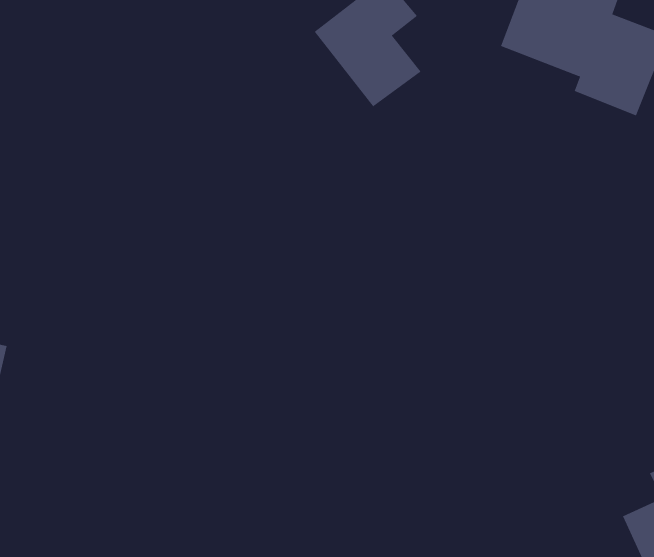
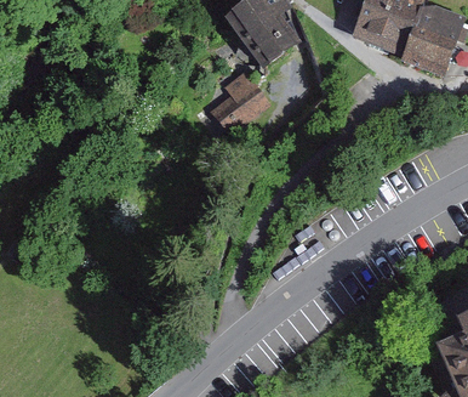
building: none -> [207,75,267,135]

